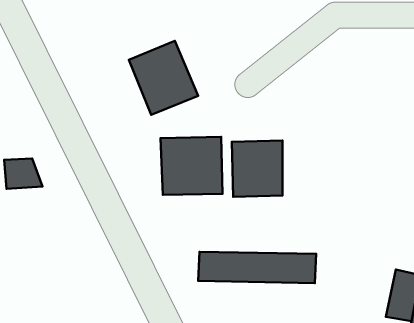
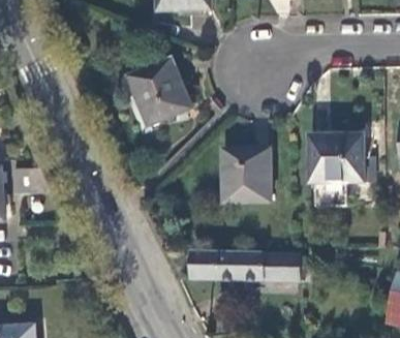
building: none -> [310,134,365,184]
building: [160,137,222,195] -> none

